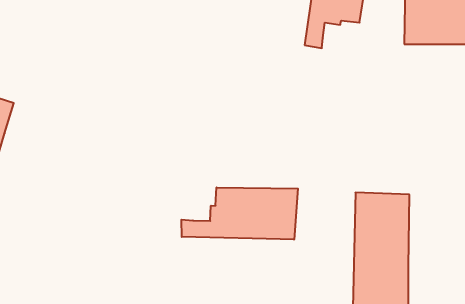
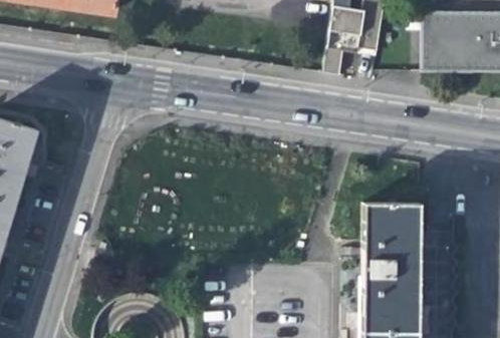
building: [181,187,298,240] -> none

